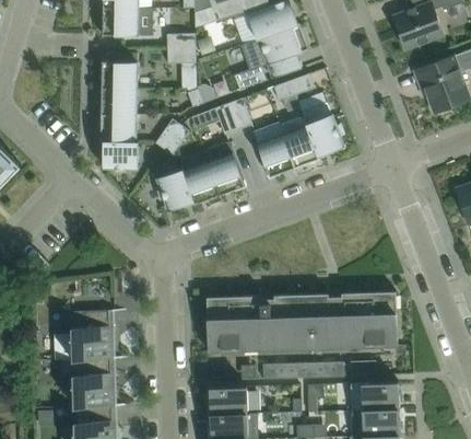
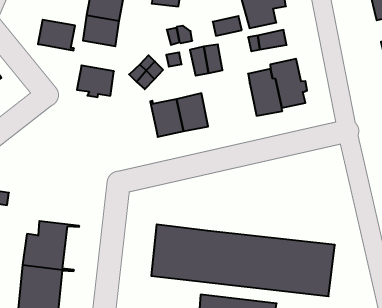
building: [99,115,138,142] -> [38,20,75,50]
building: [257,135,294,177] -> none
building: [156,169,192,210] -> none

